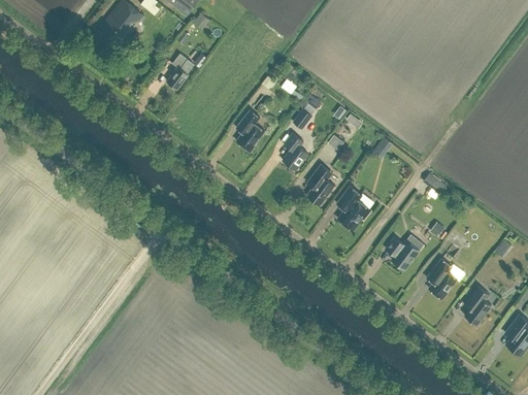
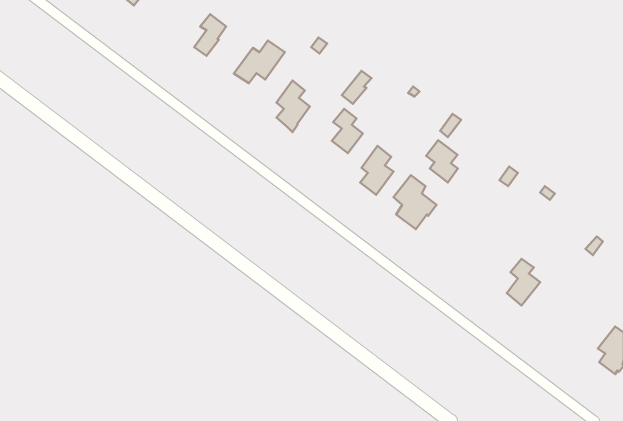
building: none -> [234,40,285,83]
building: none -> [426,140,458,183]
building: [386,236,419,268] -> none
building: [464,285,491,324] -> none

